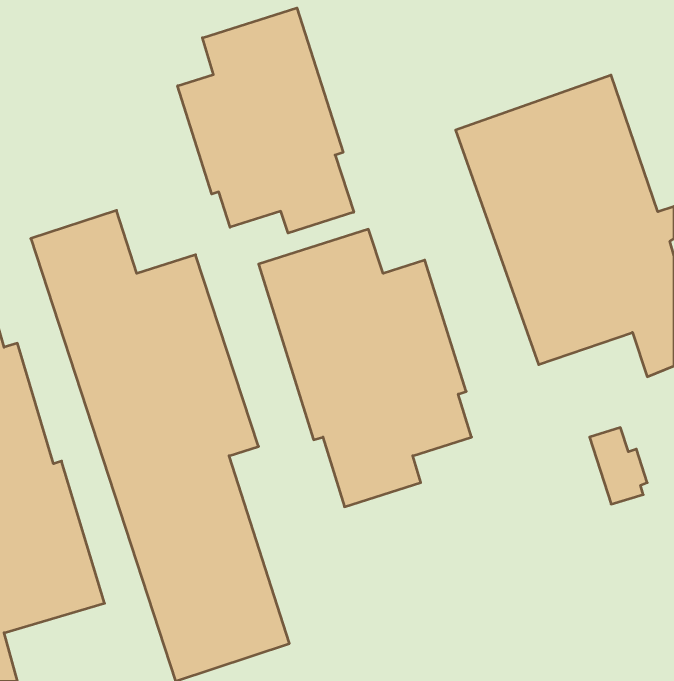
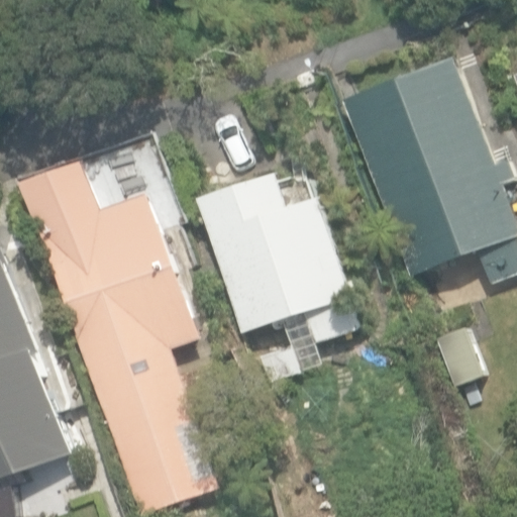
building: [178,8,354,233] -> none

